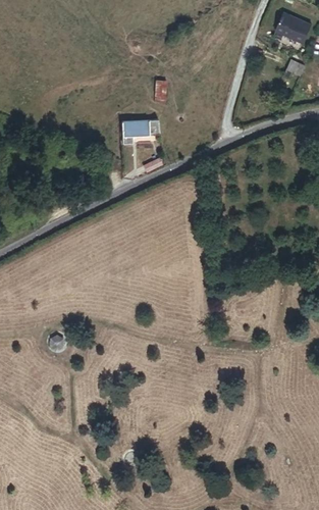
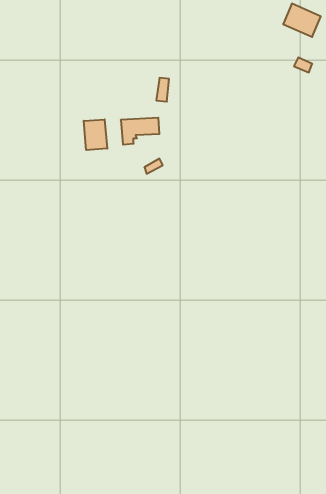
building: none -> [84,119,107,150]

